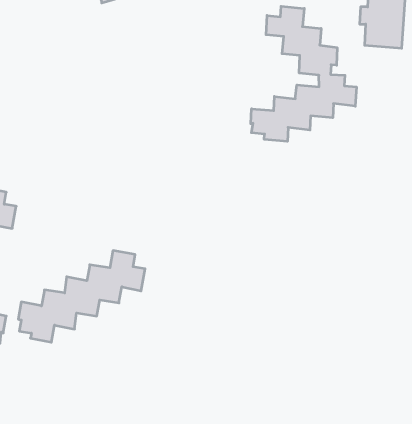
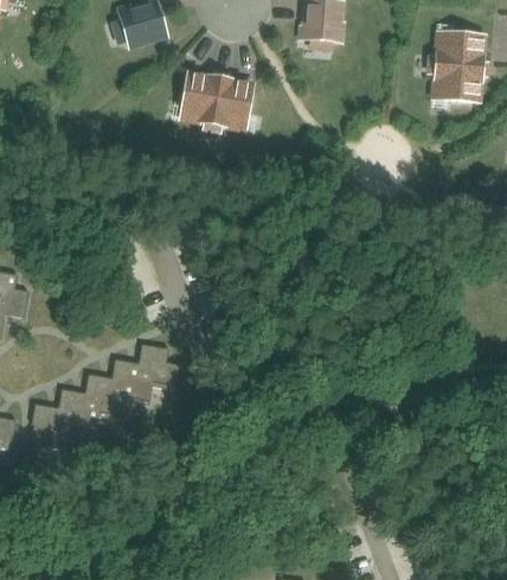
building: [251,6,356,141] -> none
building: none -> [180,70,255,128]

